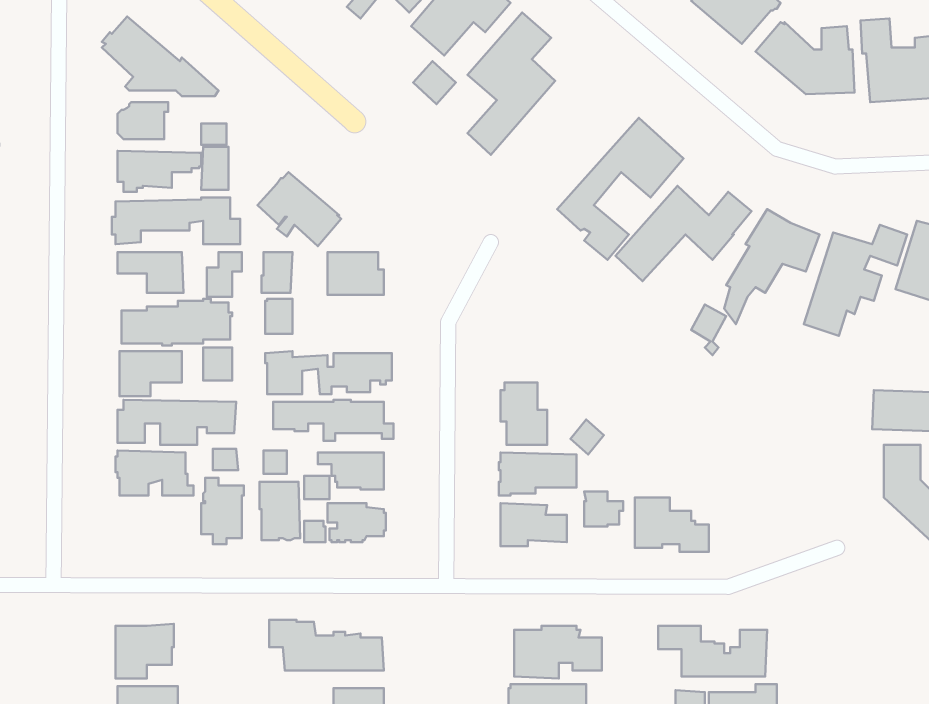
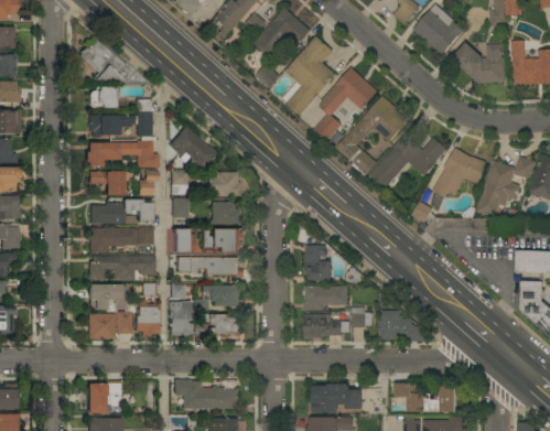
building: none -> [314,67,379,148]
building: none -> [209,202,239,225]
building: none -> [88,312,131,338]

